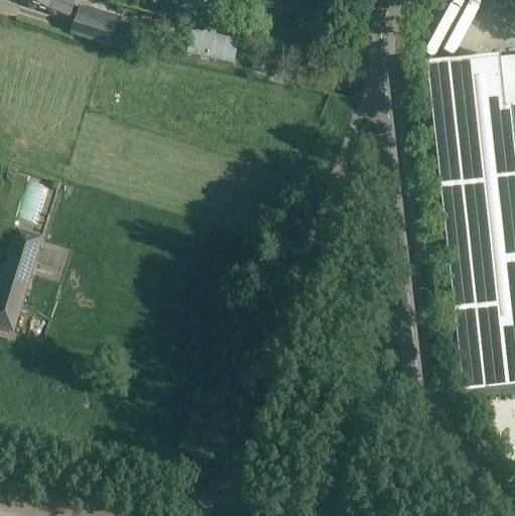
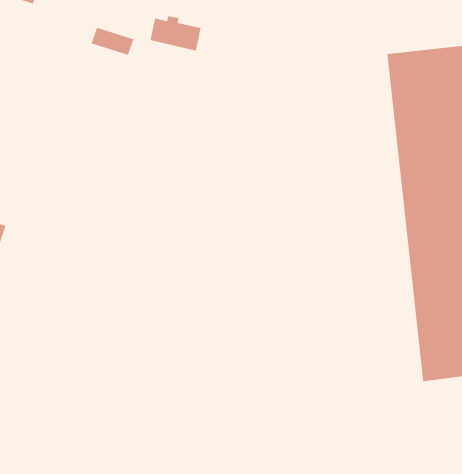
building: [75,9,119,38] -> [91,27,135,56]

